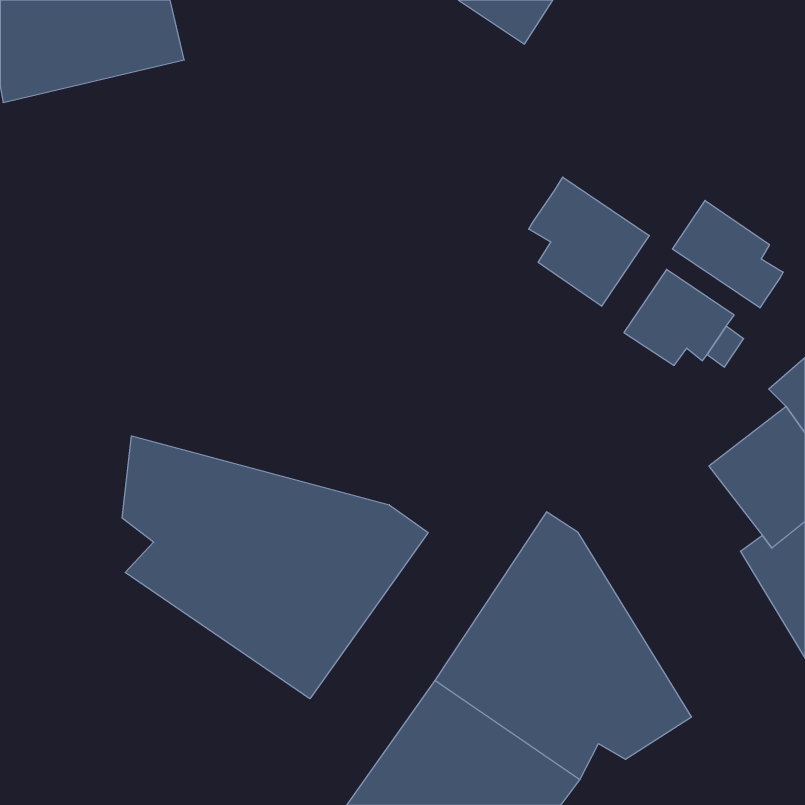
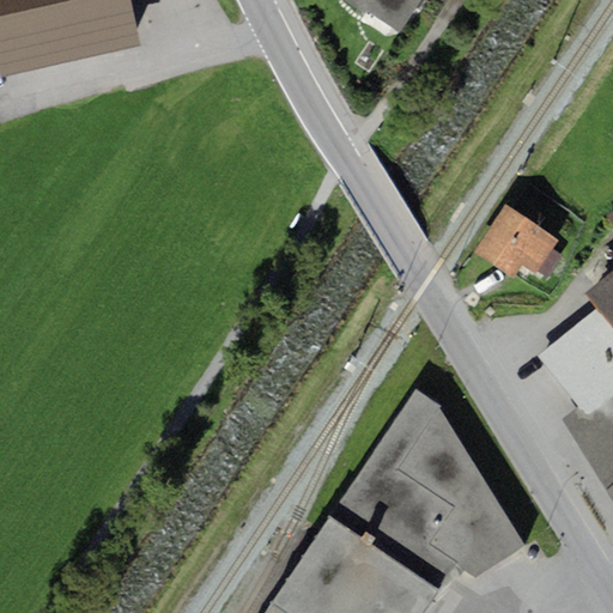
building: [529,177,649,306] -> none
building: [673,200,783,308] -> none
building: [122,436,428,699] -> none

